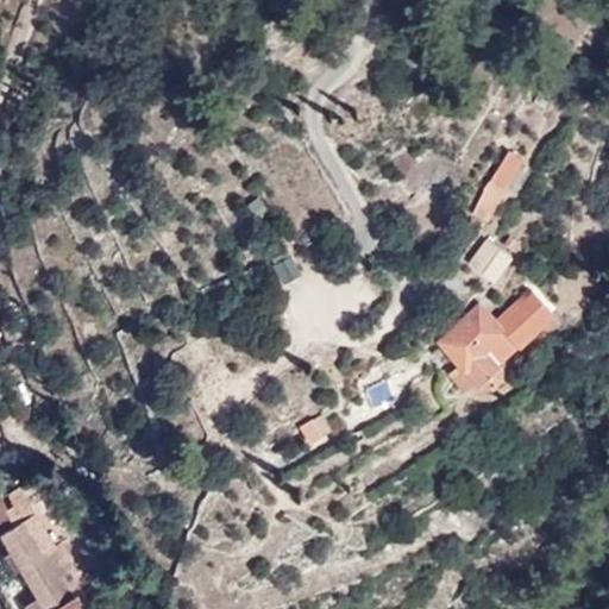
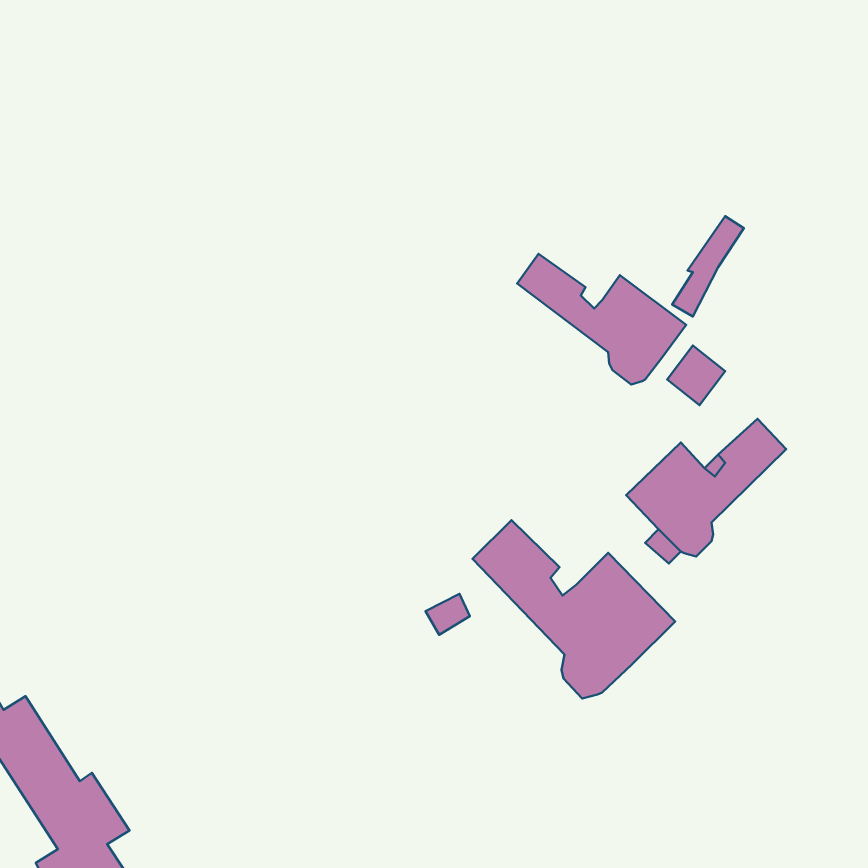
building: none -> [517,254,686,385]
building: none -> [473,520,675,699]

